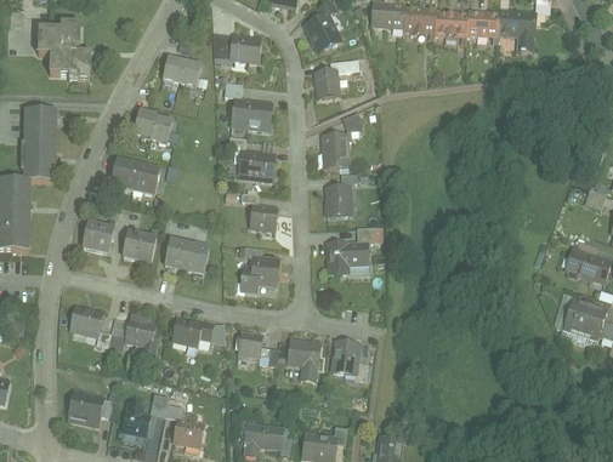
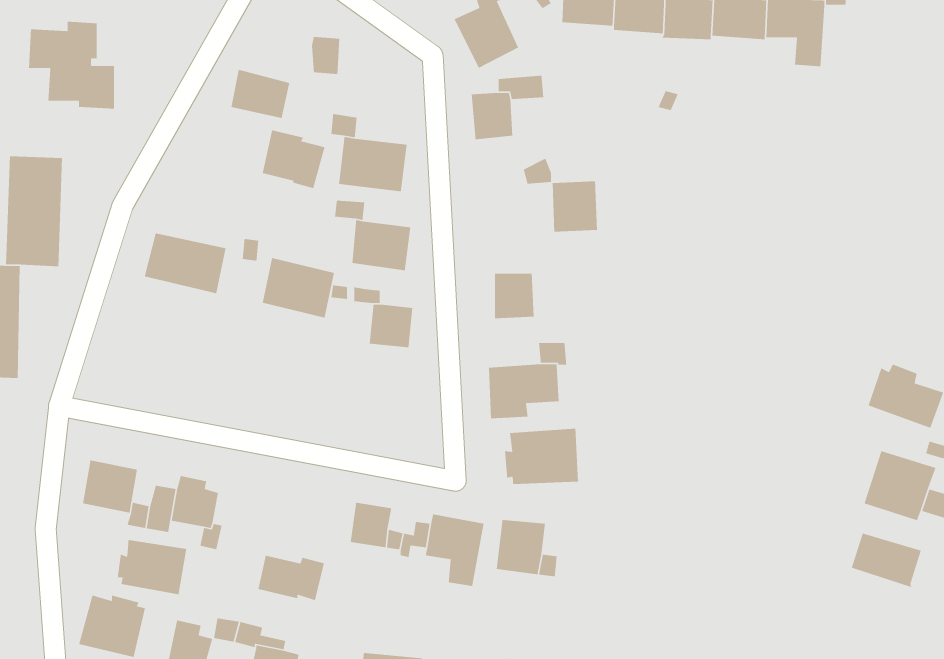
building: [228,33,260,63] -> none
building: [131,107,171,144] -> [262,129,325,189]
building: [324,132,353,165] -> [552,181,598,233]
building: [78,219,113,252] -> none
building: [120,228,157,263] -> none
building: [163,236,209,275] -> [262,257,335,319]
building: [240,253,279,291] -> none
building: none -> [504,428,579,485]
building: [170,316,212,346] -> [258,555,325,601]
building: none -> [851,532,922,588]
building: none -> [117,539,187,595]

